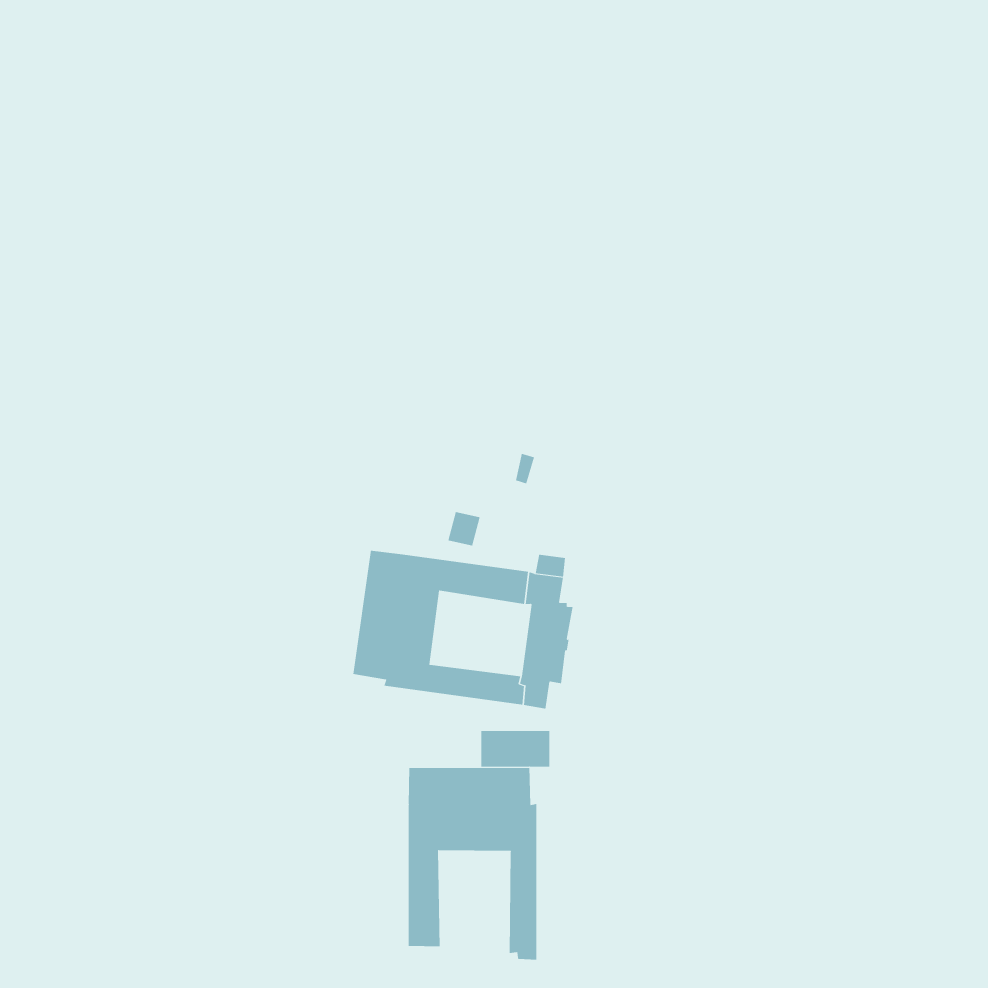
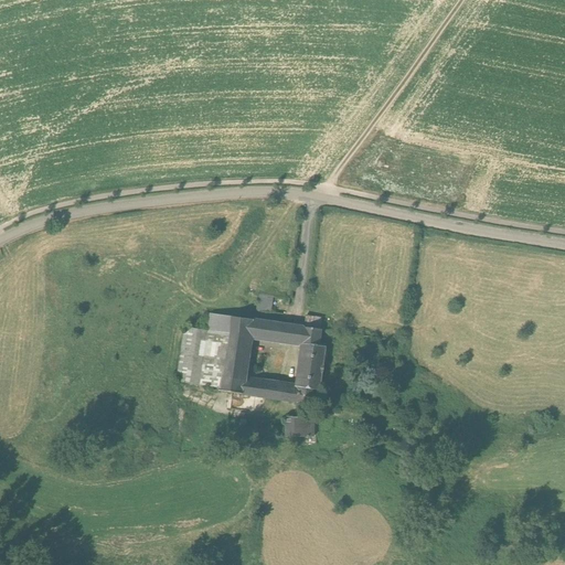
building: [408,767,537,960] -> none

